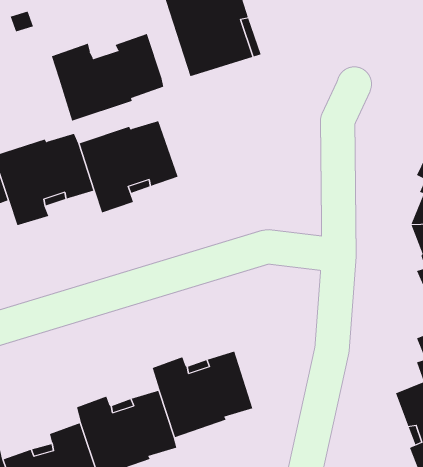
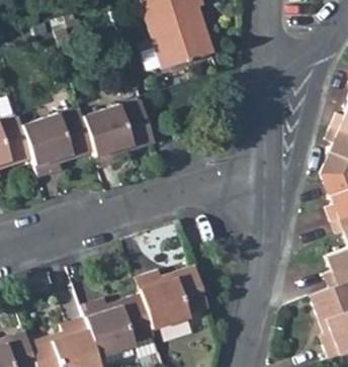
building: [51,33,164,122] -> none

